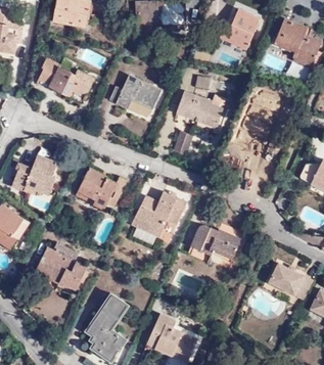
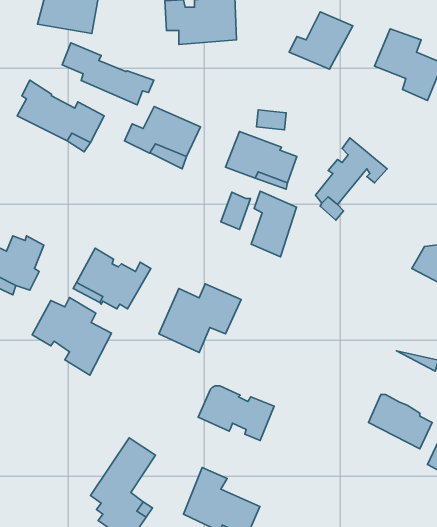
building: none -> [62,43,154,105]
building: none -> [251,191,297,257]
building: [190,225,240,261] -> [198,386,274,440]
building: [33,245,85,296] -> [32,298,112,375]

